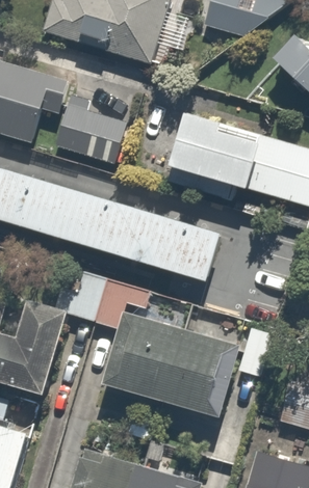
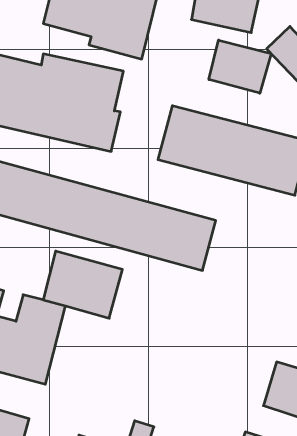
building: none -> [209,40,271,93]
building: [107,317,243,421] -> none

